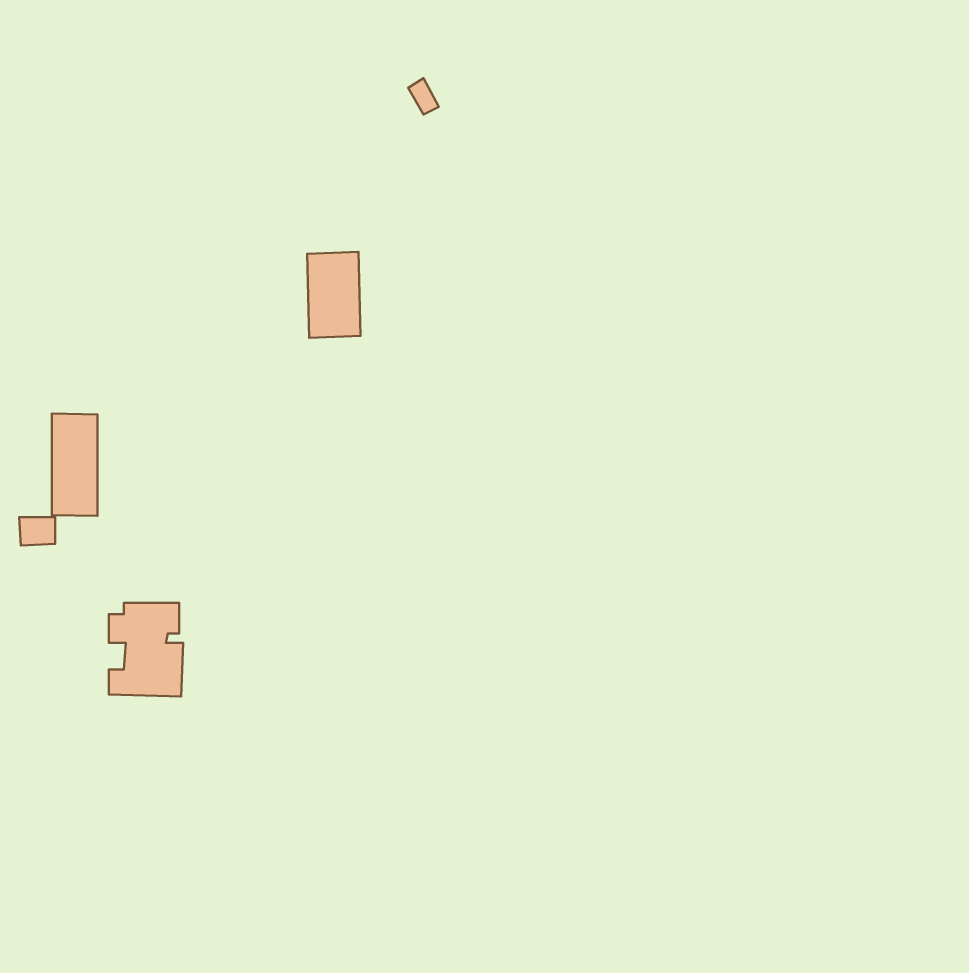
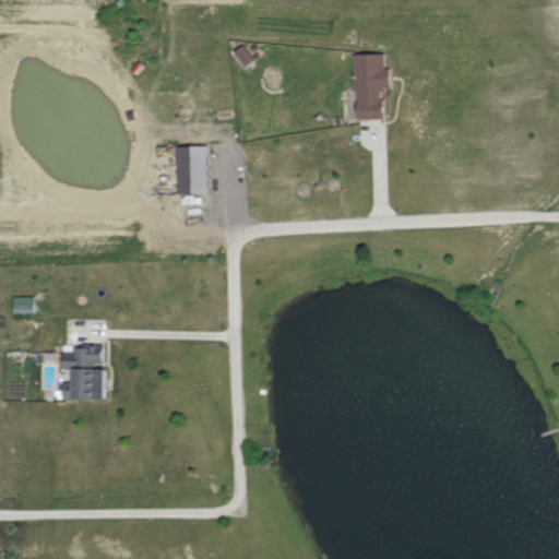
building: none -> [353,53,390,120]
building: [52,414,98,516] -> none

